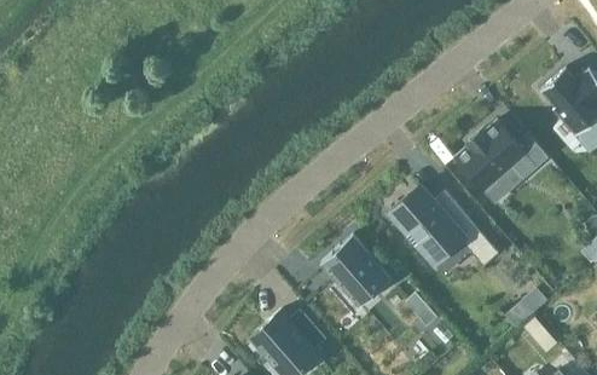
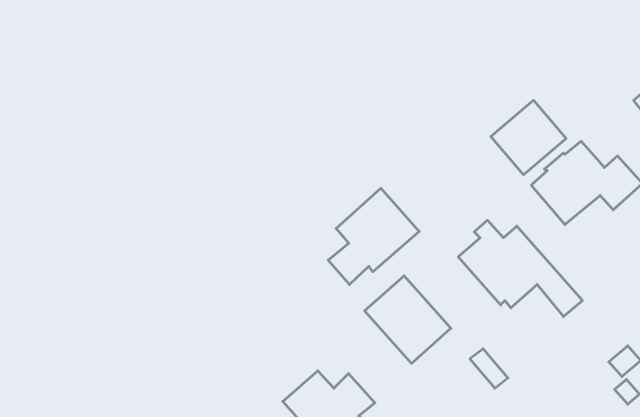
building: none -> [491,100,566,175]
building: none -> [328,188,419,285]

